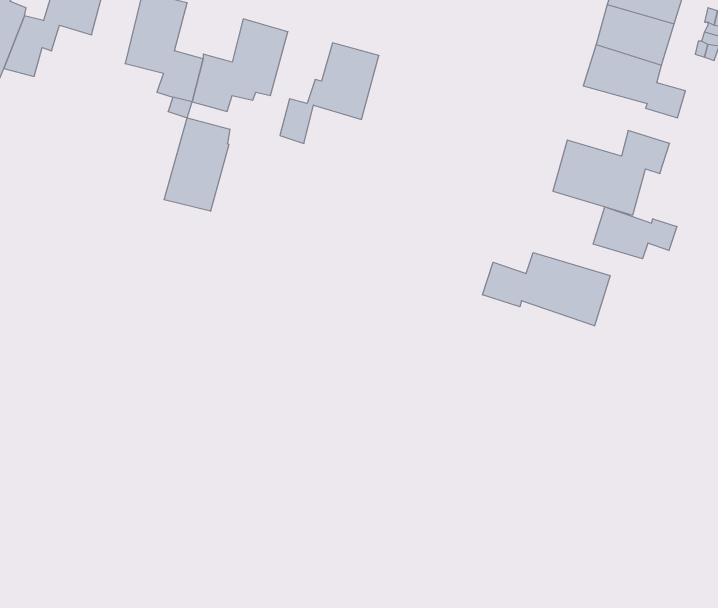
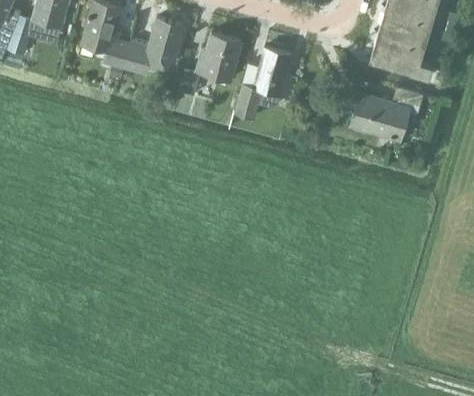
building: none -> [235,47,293,118]
building: [164,118,230,211] -> none
building: [593,207,677,259] -> none
building: [483,253,610,326] -> none

